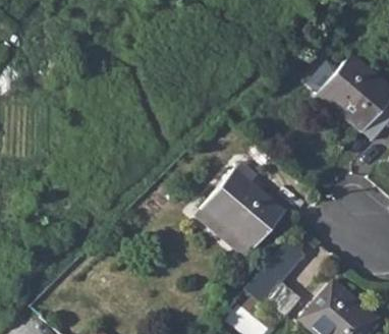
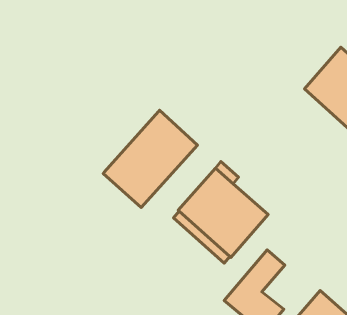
building: none -> [103,110,197,207]

